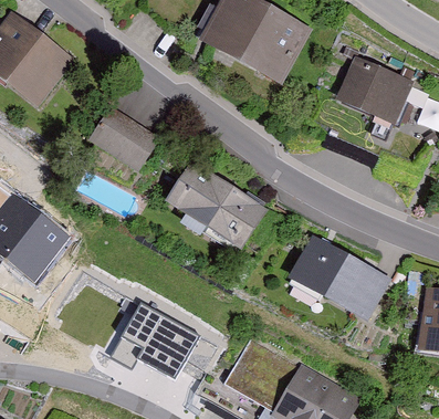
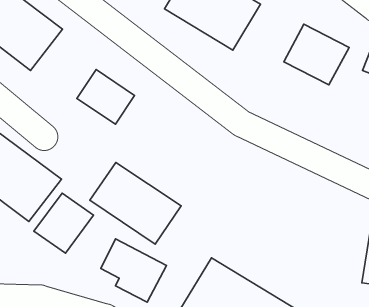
building: [166,161,271,255] -> [90,163,181,244]
building: [293,235,393,322] -> none
building: none -> [34,193,93,253]

